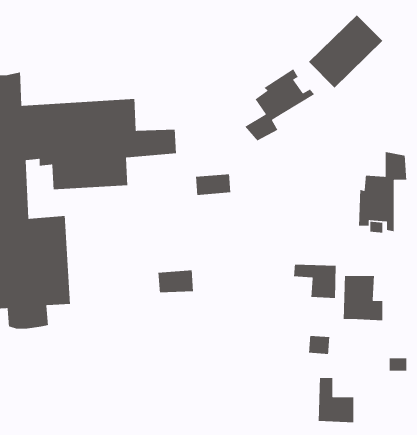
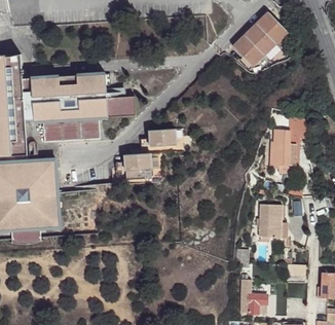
building: [244,68,315,141] -> none
building: [293,264,336,299] -> none
building: [158,270,194,293] -> [125,152,152,170]

